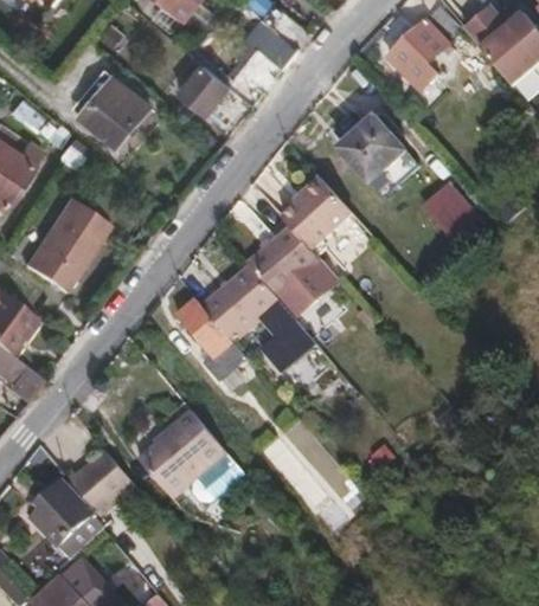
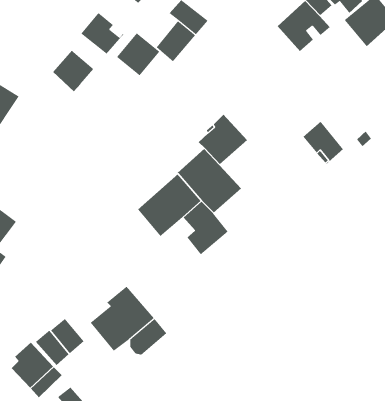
building: none -> [80,12,125,54]
building: [341,118,405,183] -> none
building: [26,200,111,294] -> none
building: [177,298,246,380] -> none

